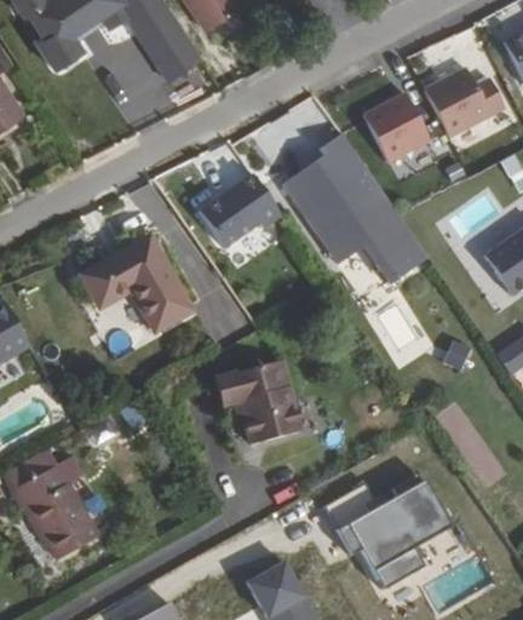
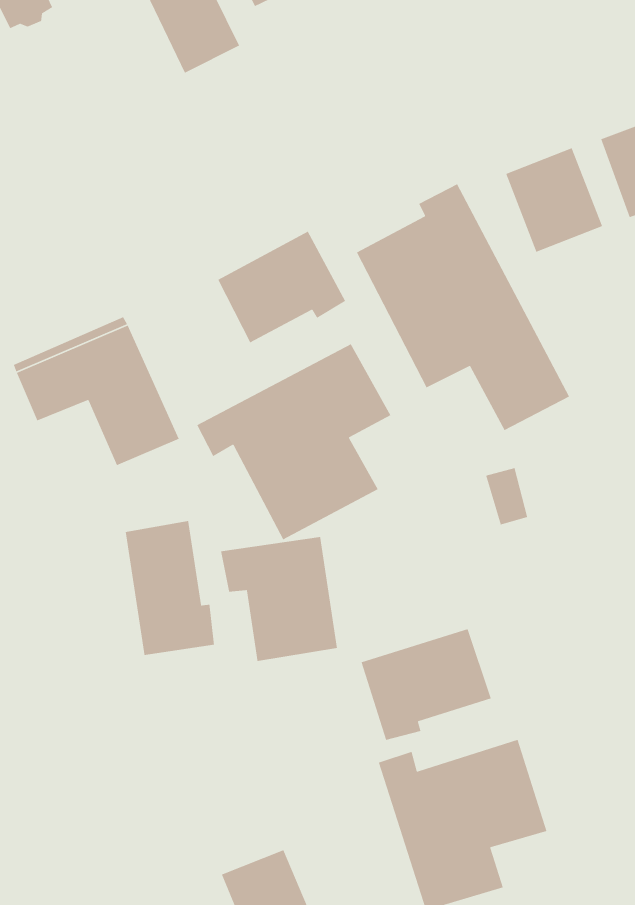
building: none -> [196,343,391,540]
building: none -> [125,520,215,656]
building: none -> [361,628,492,741]

